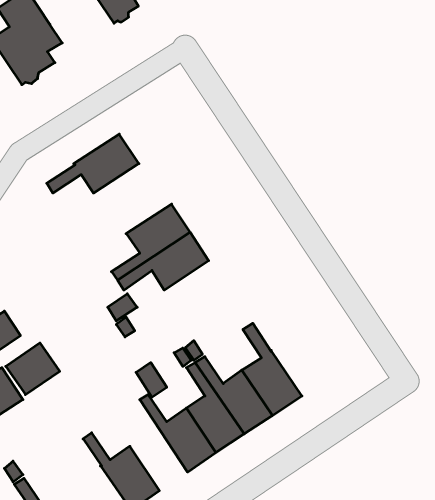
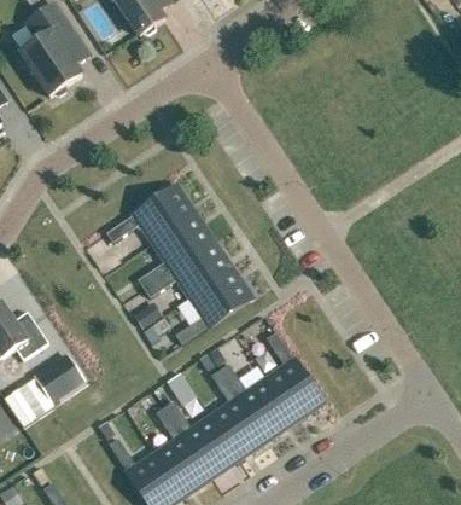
building: [47,134,139,193] -> [106,184,197,242]
building: none -> [175,268,252,343]
building: none -> [156,405,212,494]

